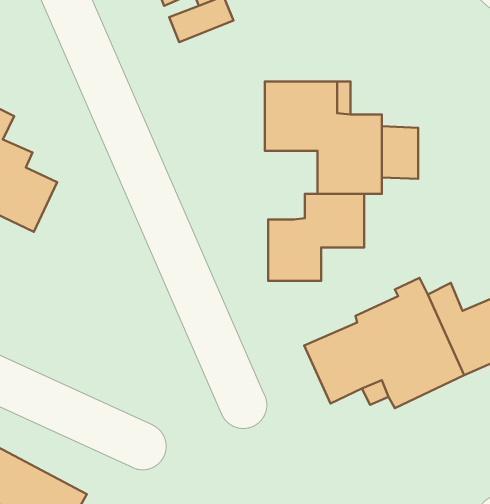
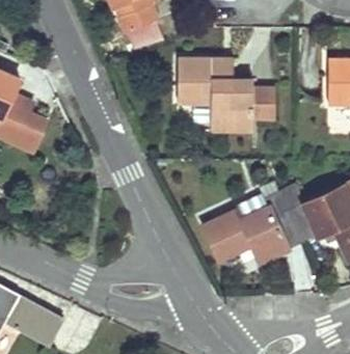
building: [268,194,364,281] -> none

